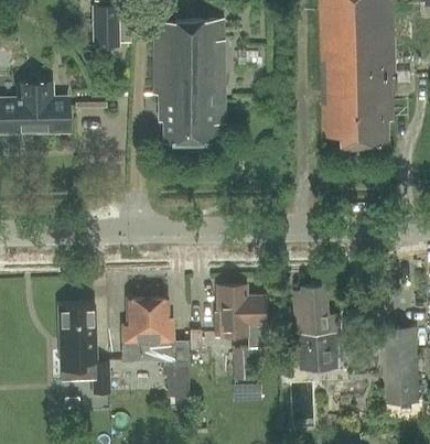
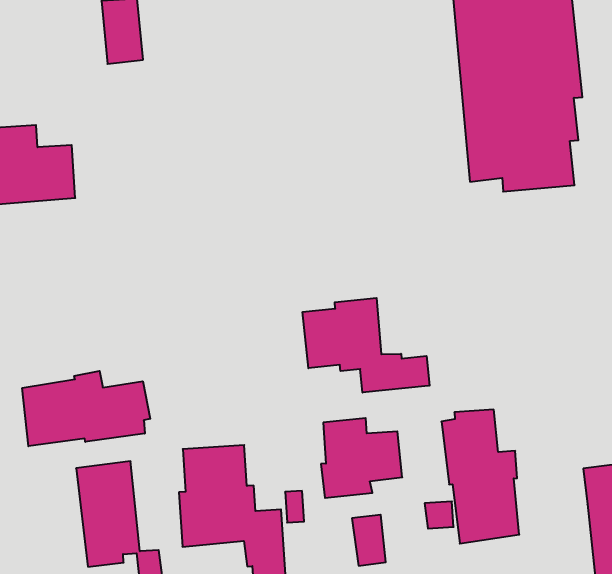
building: [153,20,227,150] -> none
building: none -> [303,298,430,393]
building: none -> [22,371,150,446]

